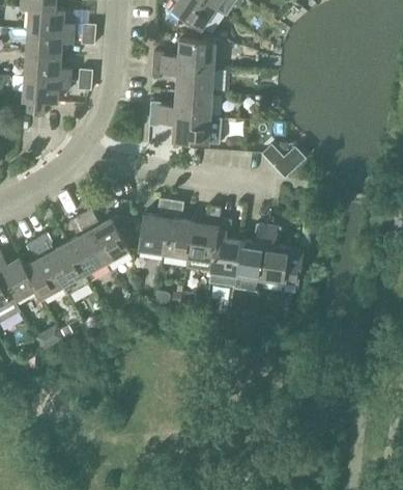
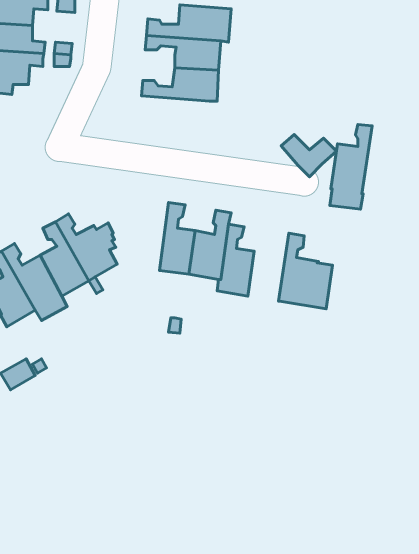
building: [149,113,210,143] -> none
building: [138,197,171,254] -> none
building: [234,223,268,292] -> [330,125,372,209]

